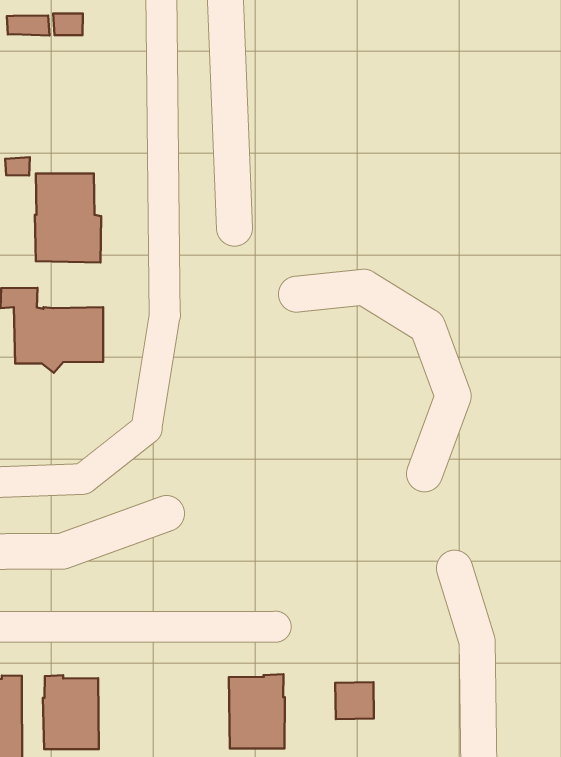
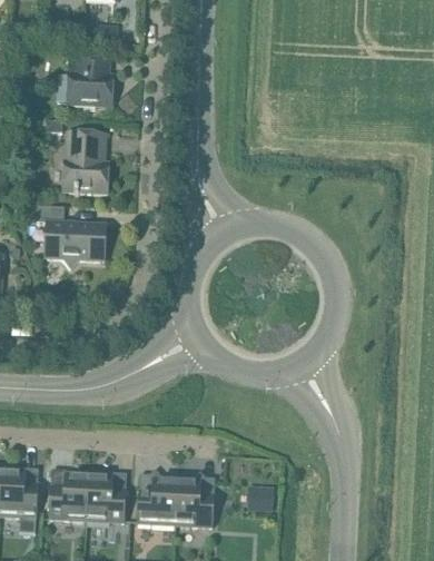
building: none -> [67,59,112,106]
building: none -> [86,473,125,522]
building: none -> [138,474,176,525]

